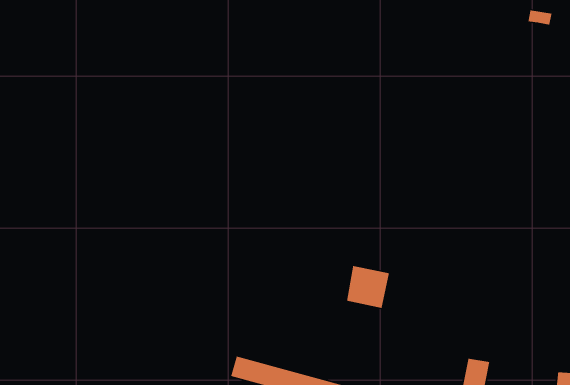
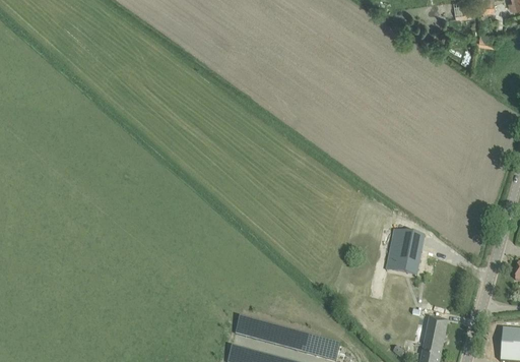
building: [346,265,390,309] -> [389,229,425,264]

